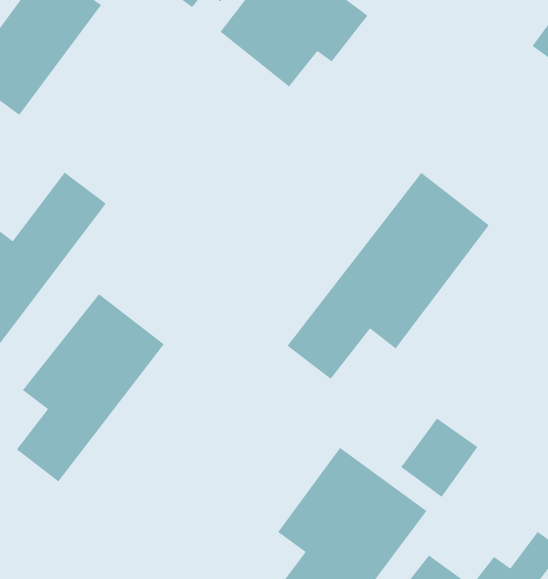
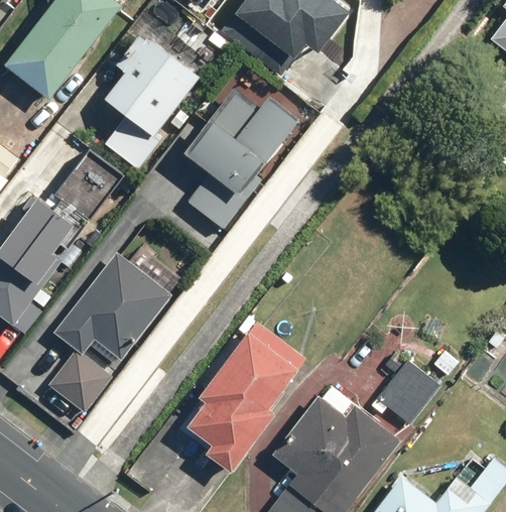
building: none -> [101,34,201,171]
building: none -> [182,92,300,230]
building: [286,172,490,380] -> none
building: none -> [184,317,305,473]

